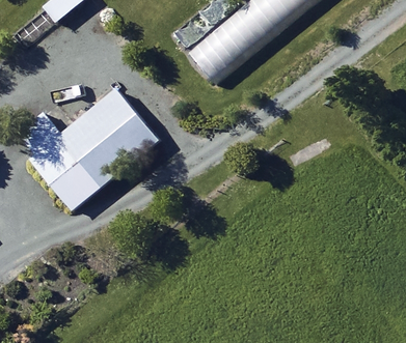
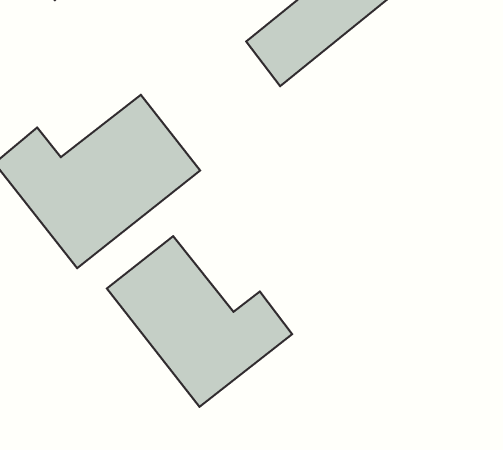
building: none -> [107,236,292,407]

